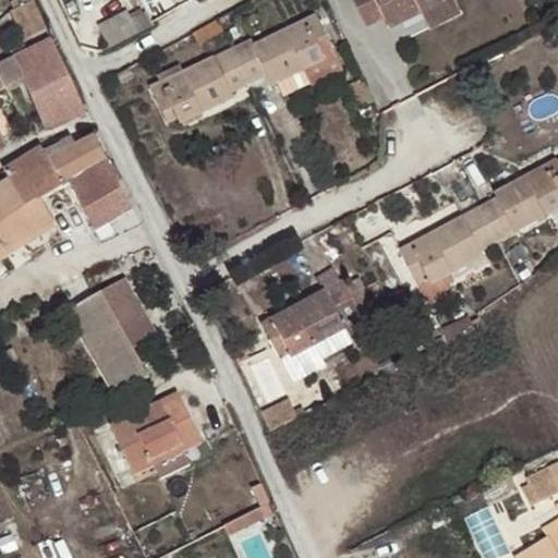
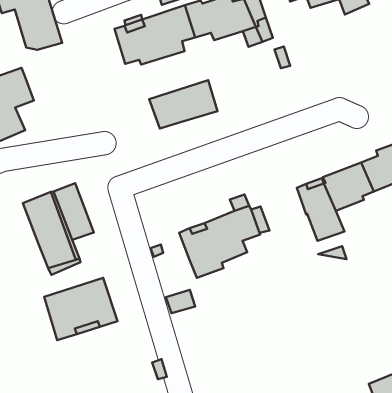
building: none -> [149,80,217,128]
building: [46,132,134,228] -> none

